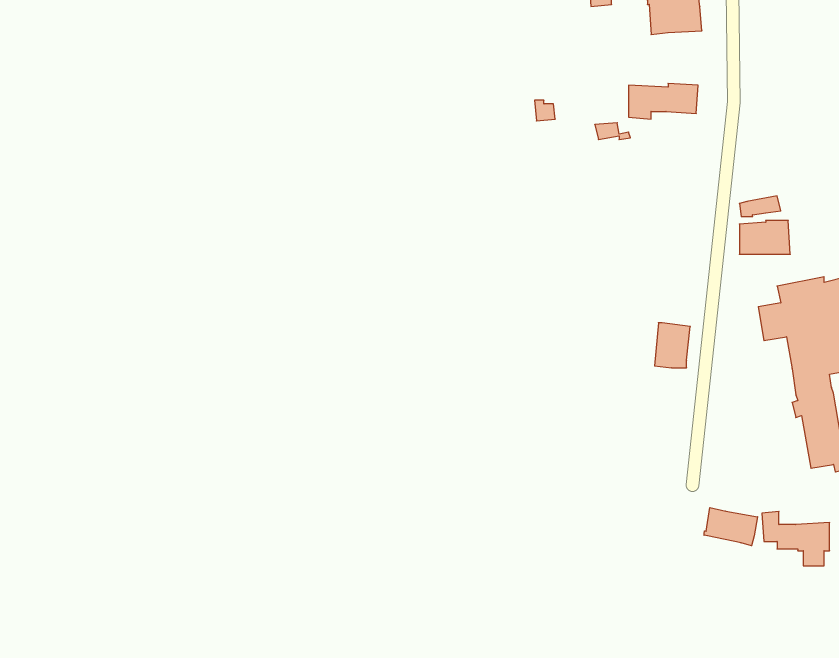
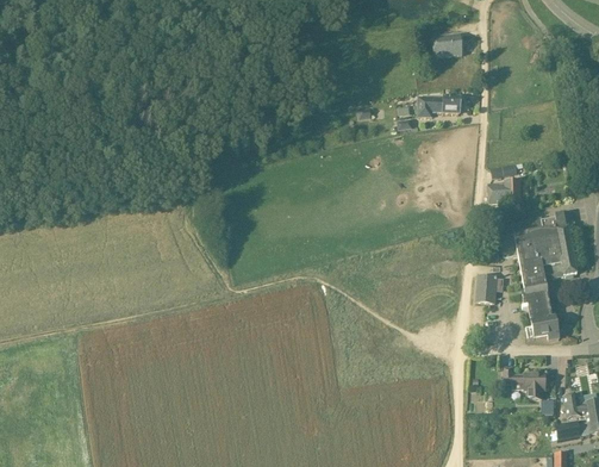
building: [655,323,690,368] -> [475,275,498,304]
building: [704,508,758,546] -> none

